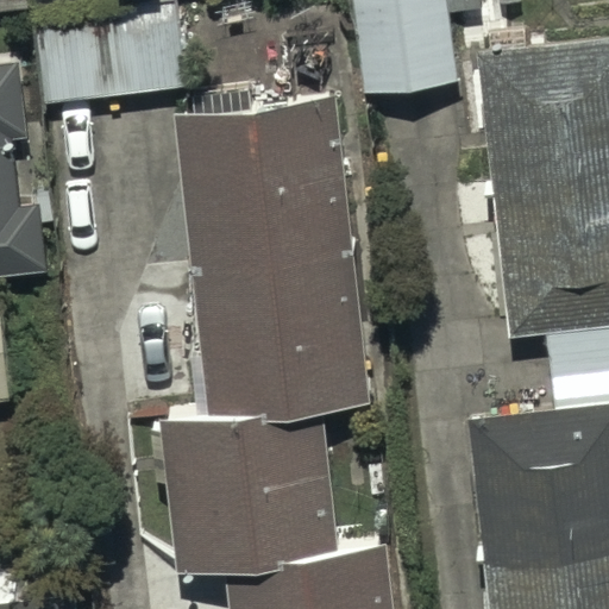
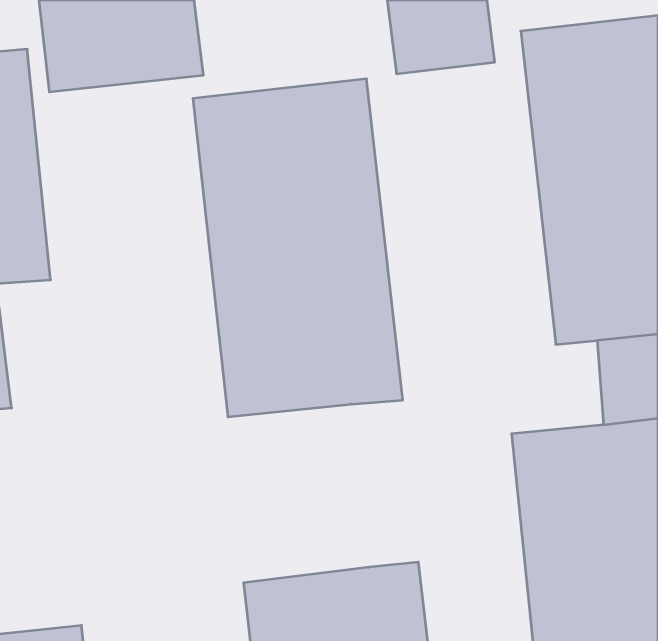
building: [161,390,339,559] -> none

